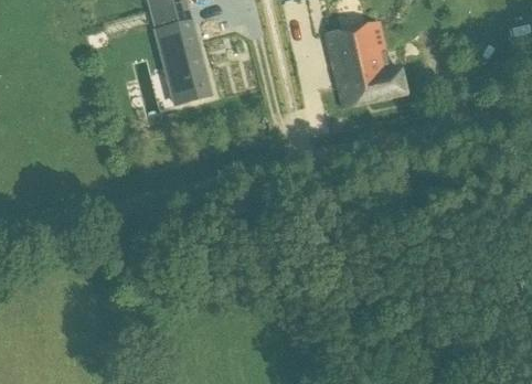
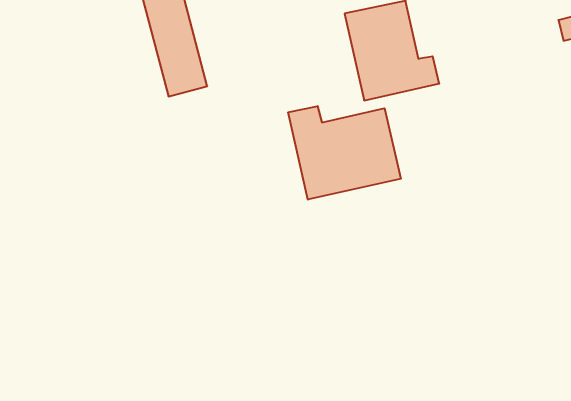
building: none -> [288,106,401,200]

